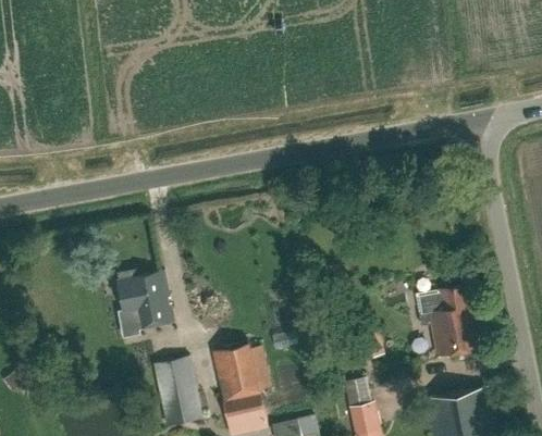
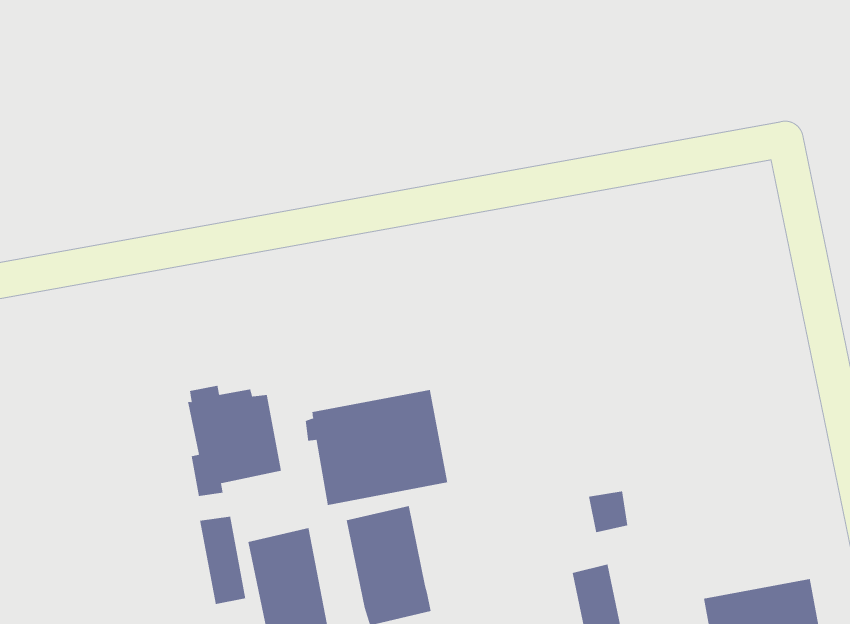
building: none -> [305,389,448,506]
building: [417,287,483,358] -> none
building: none -> [200,516,246,605]

